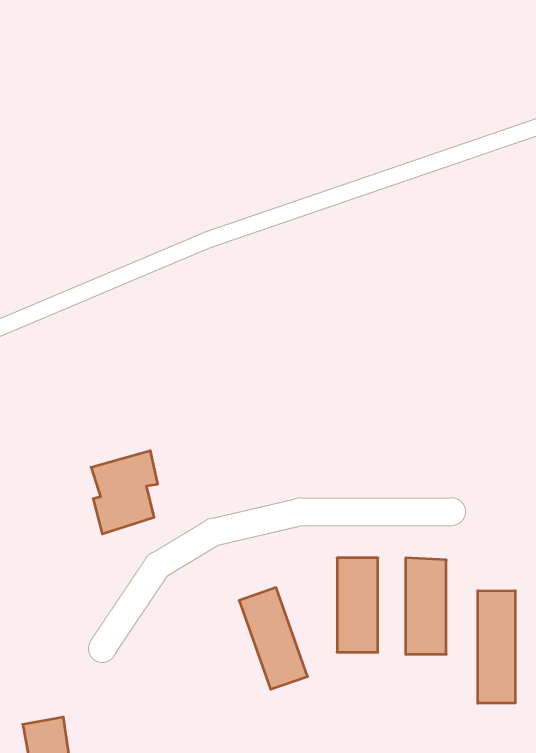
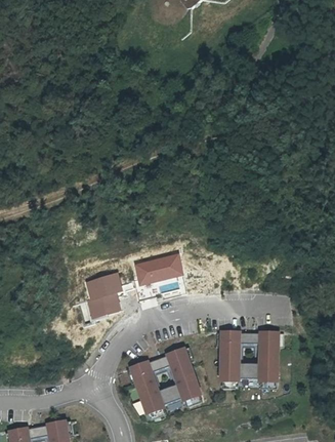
building: none -> [132,252,182,286]
building: [478,591,515,703] -> none
building: none -> [128,361,167,418]

